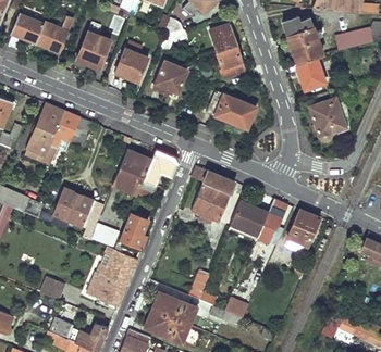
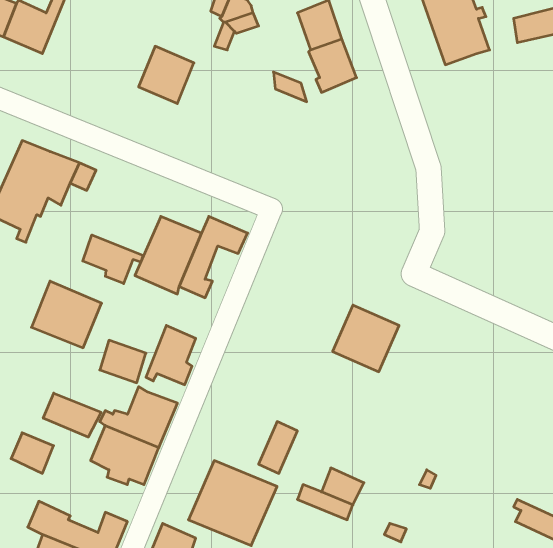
building: [77,32,111,68] -> none
building: [294,53,324,87] -> none
building: [153,61,187,96] -> none
building: [206,90,256,128] -> none
building: [308,96,344,138] -> none
building: none -> [83,235,143,284]
building: [190,166,235,223] -> none
building: [256,200,290,247] -> none
building: [287,211,321,249] -> none
building: none -> [43,393,101,437]

